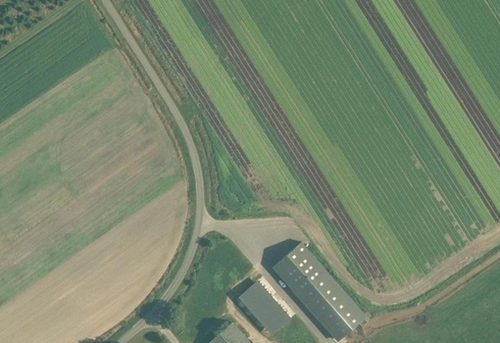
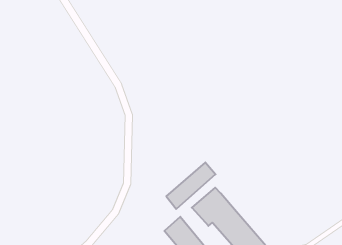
building: none -> [166,162,216,209]

